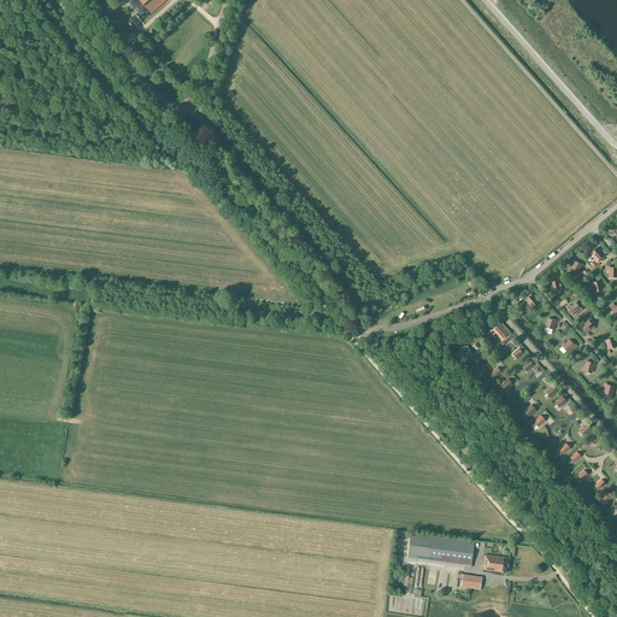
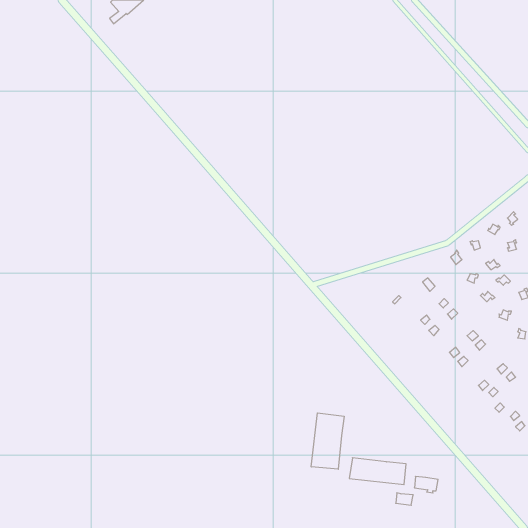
building: none -> [311,413,344,469]

